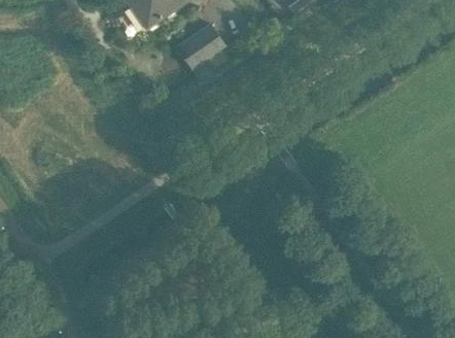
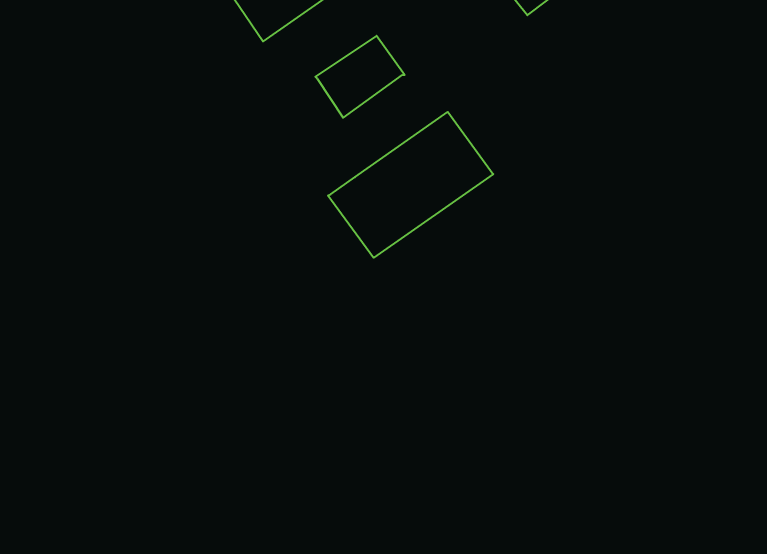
building: none -> [328,112,493,258]

